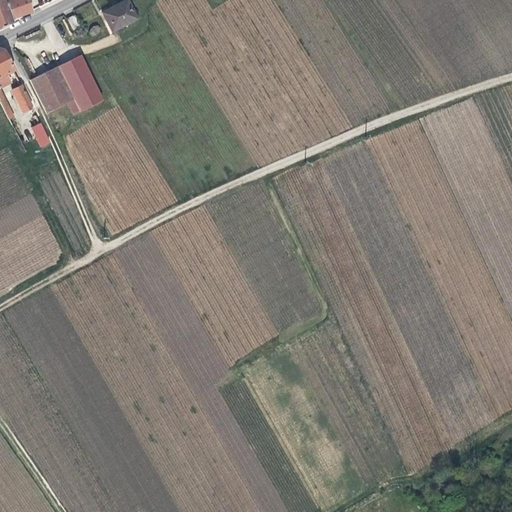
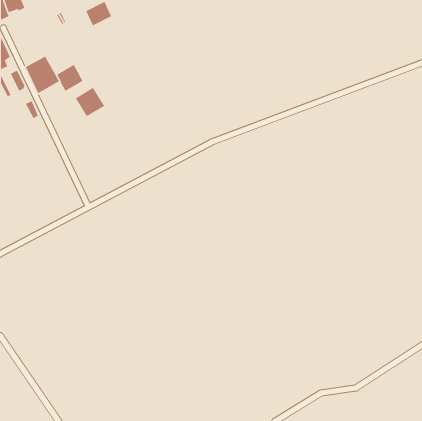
building: [55,54,90,90] -> none
building: none -> [75,87,105,117]

